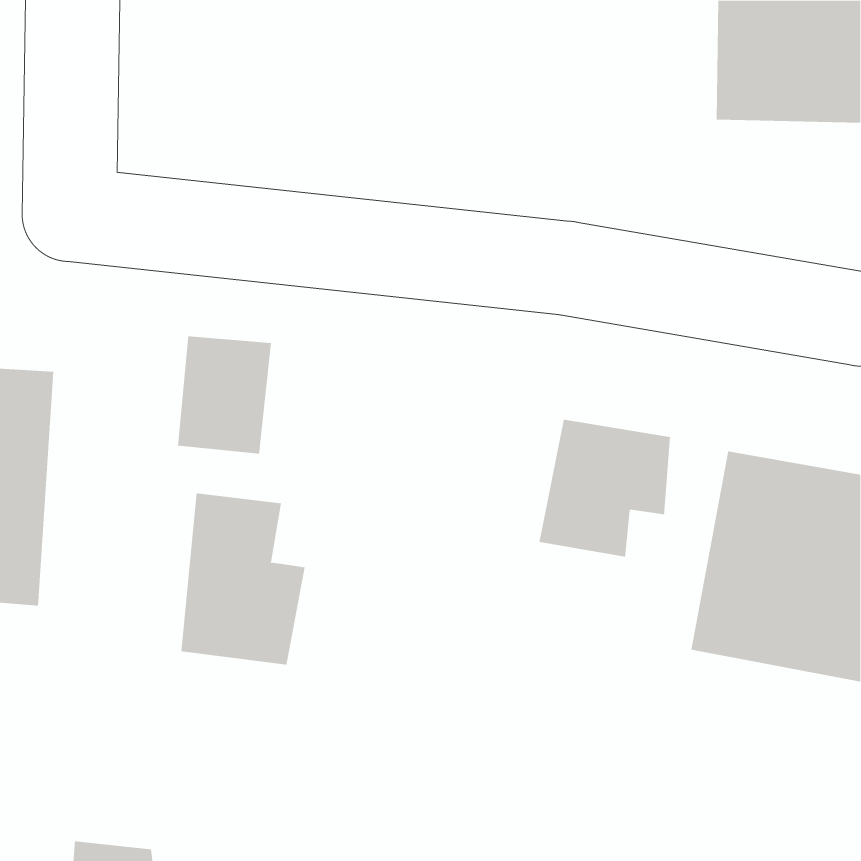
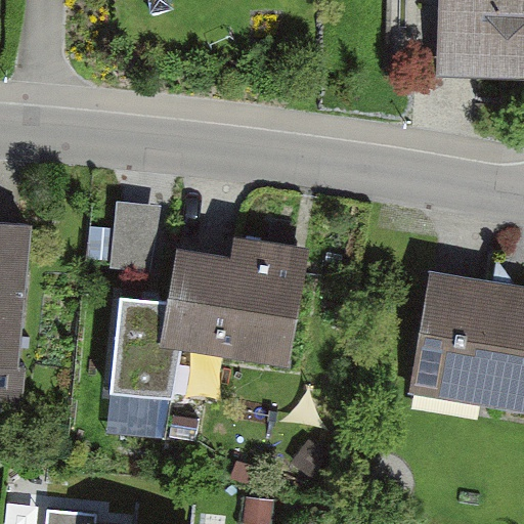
building: none -> [165,235,306,363]
building: [539,419,671,557] -> none

